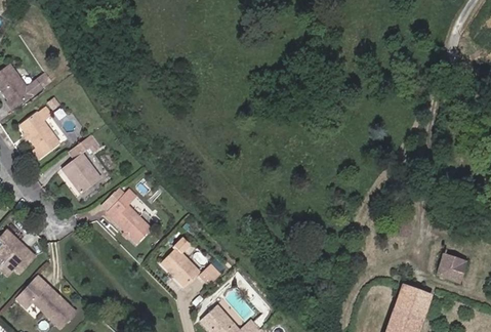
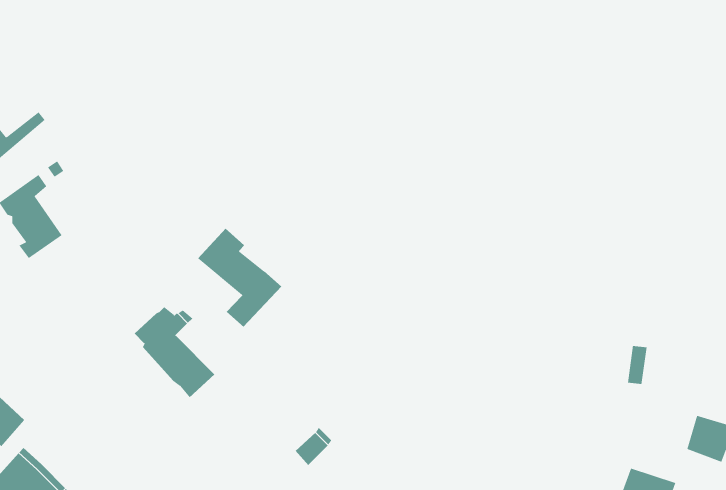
building: none -> [197,228,282,328]
building: [64,155,100,194] -> none
building: [161,238,200,287] -> none

